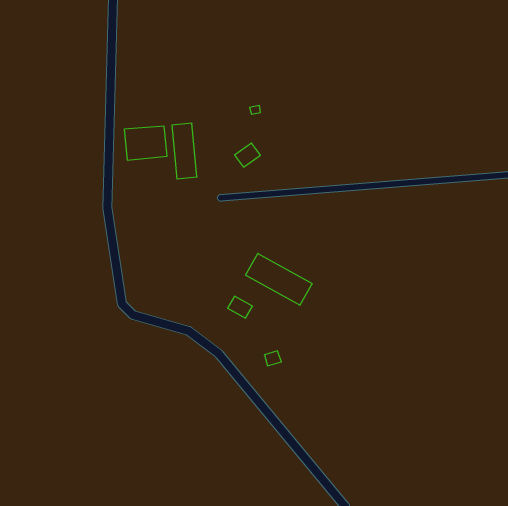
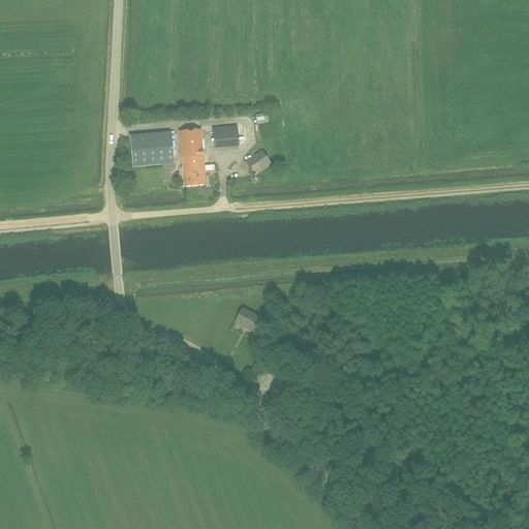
building: none -> [212,124,239,148]
building: [246,253,312,305] -> none

